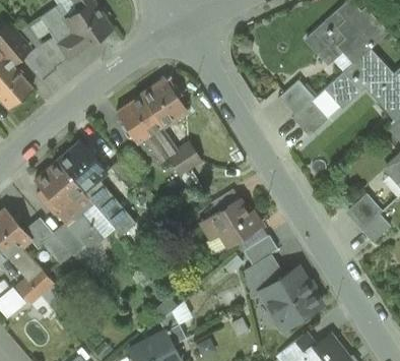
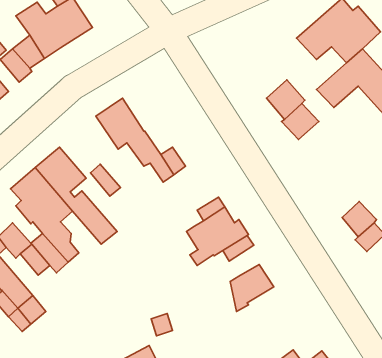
building: [141,79,187,127] -> none
building: [243,235,278,265] -> none
building: [260,267,321,329] -> none

